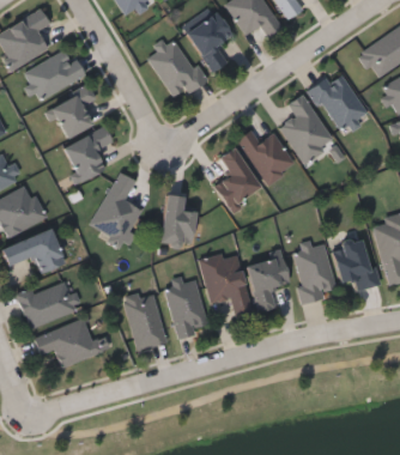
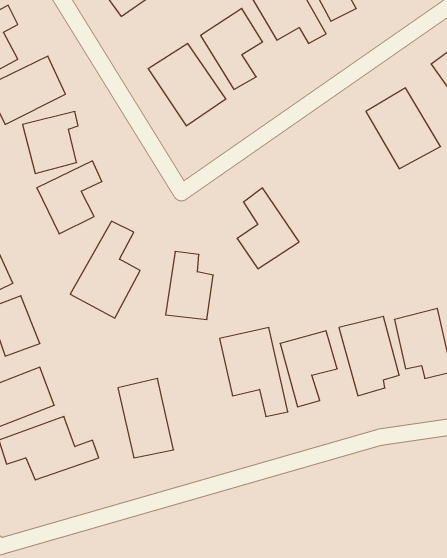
building: [280,93,334,162] -> none
building: [237,129,296,184] -> none
building: [166,278,207,338] -> none

